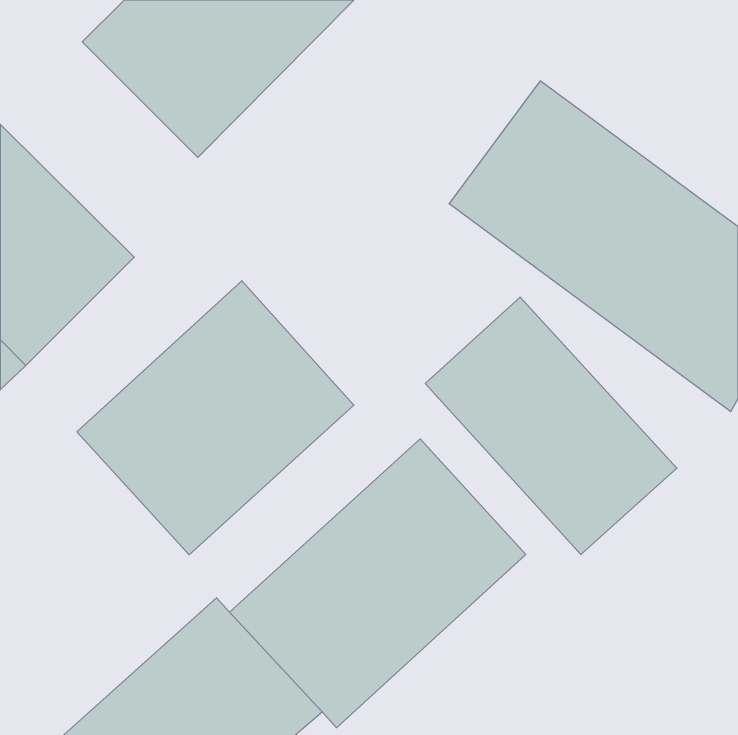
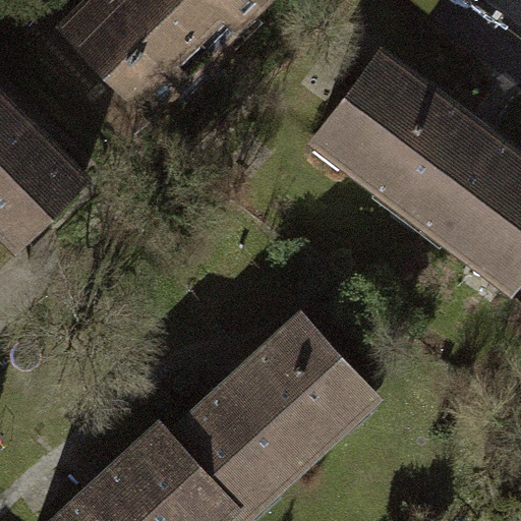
building: [77,281,354,555] -> none
building: [425,297,677,555] -> none

